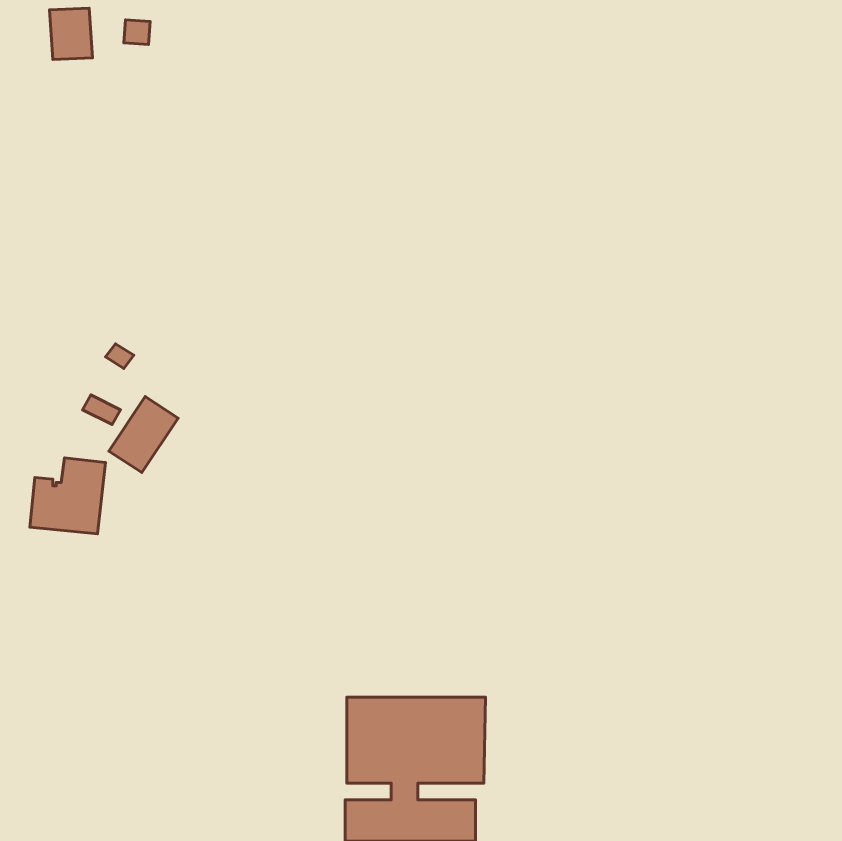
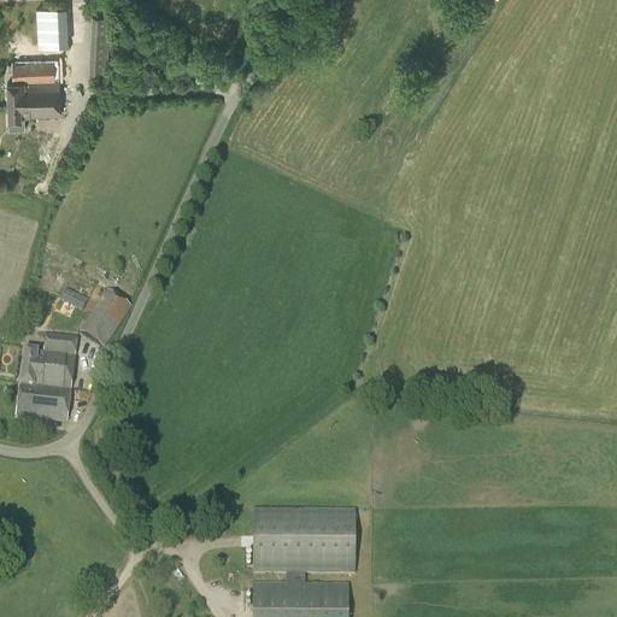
building: none -> [6,55,61,128]
building: none -> [18,384,72,421]

